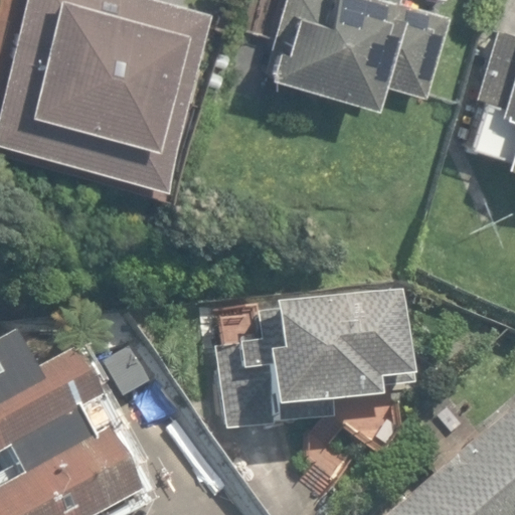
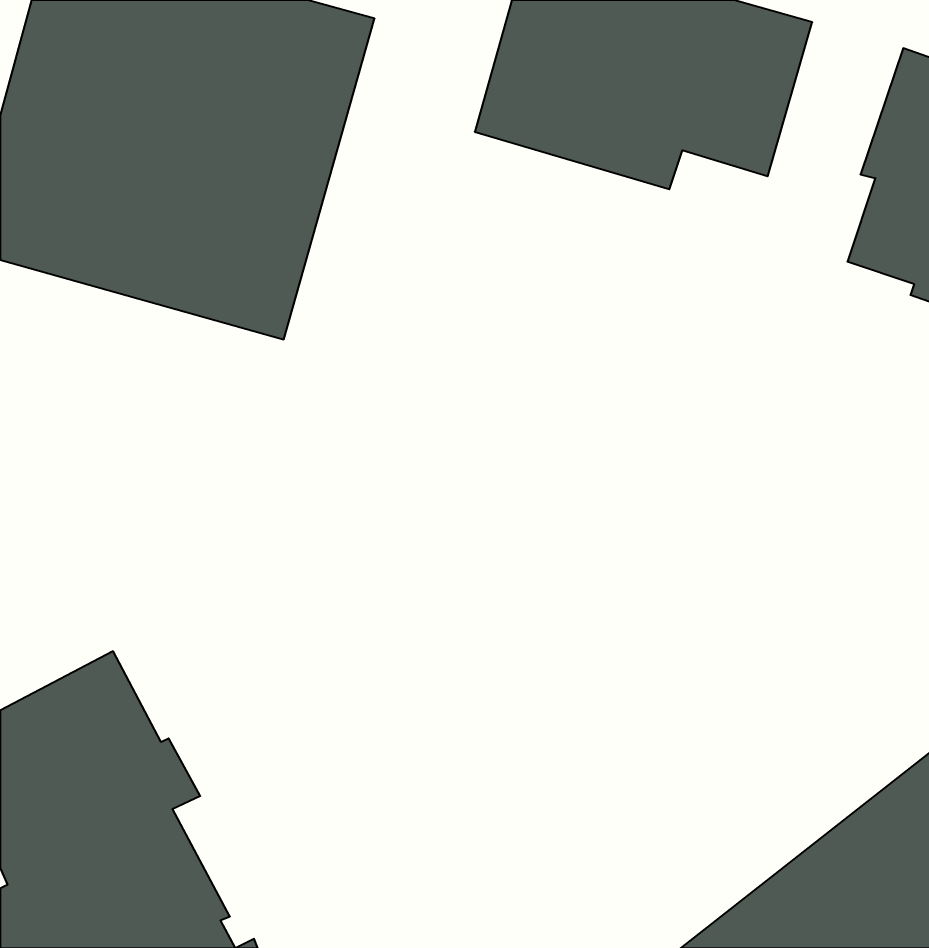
building: [220,294,410,432] -> none

